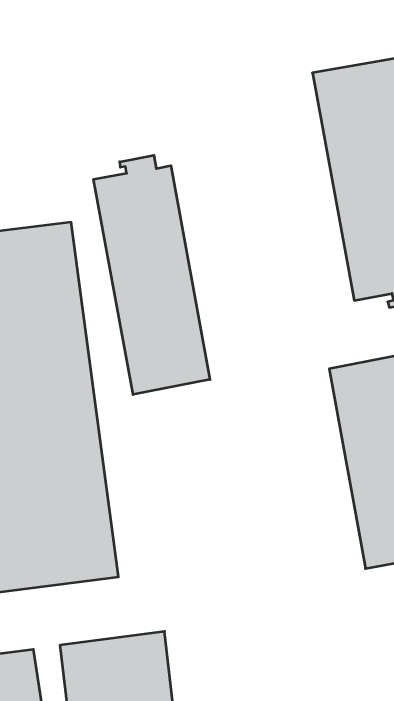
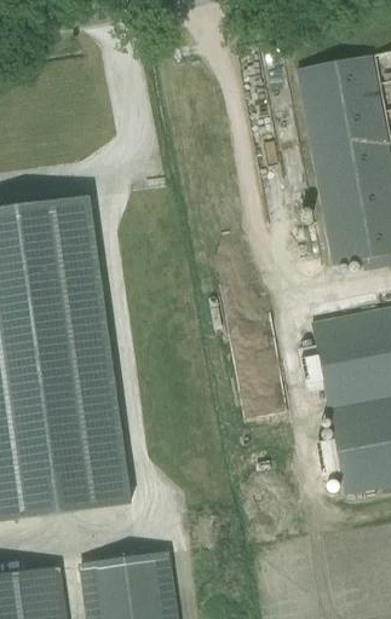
building: [94,155,210,395] -> none

